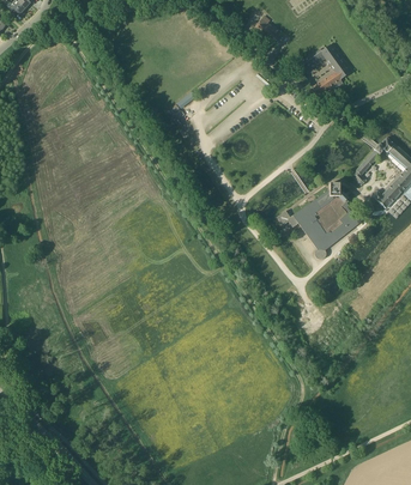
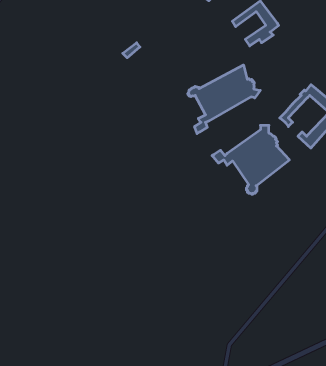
building: none -> [188,65,260,134]

